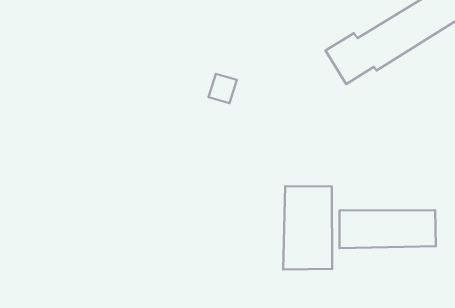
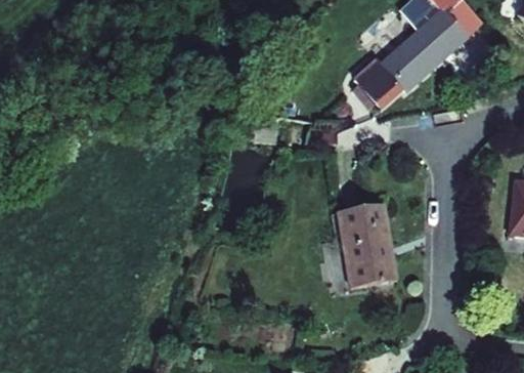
building: [339,210,436,248] -> none

